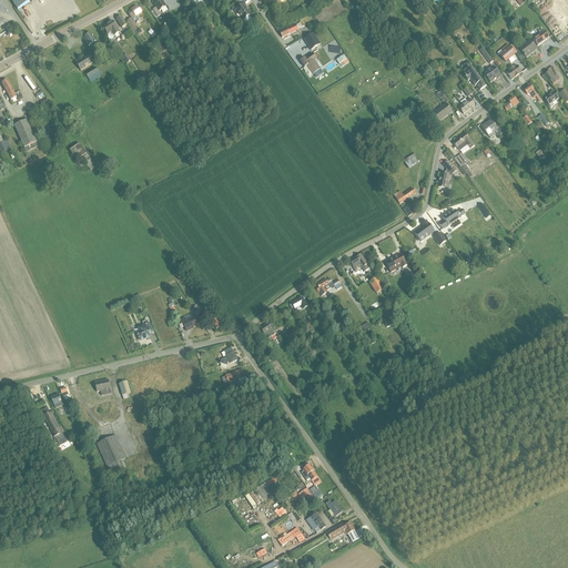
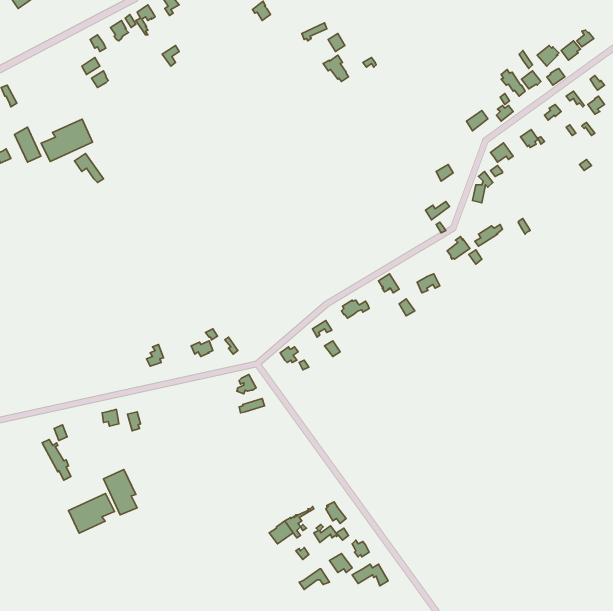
building: none -> [41,119,92,162]
building: none -> [69,493,115,533]

